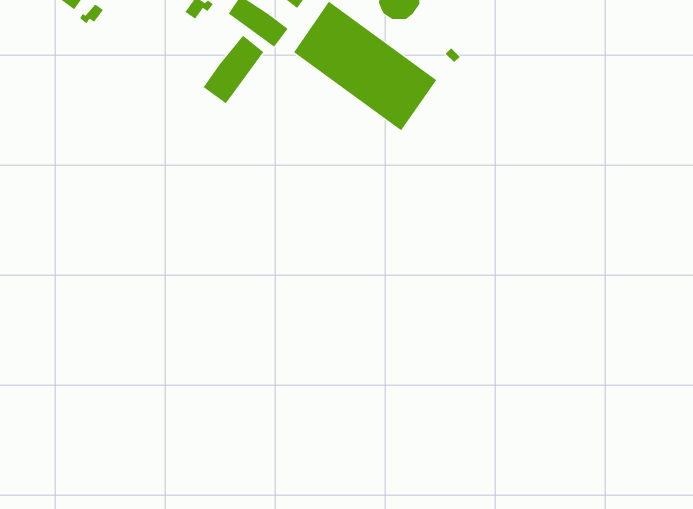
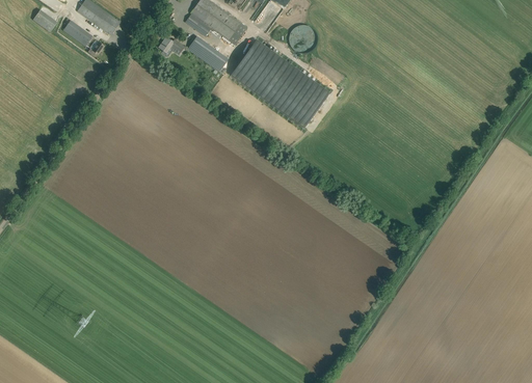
building: [203,35,264,104] -> none

